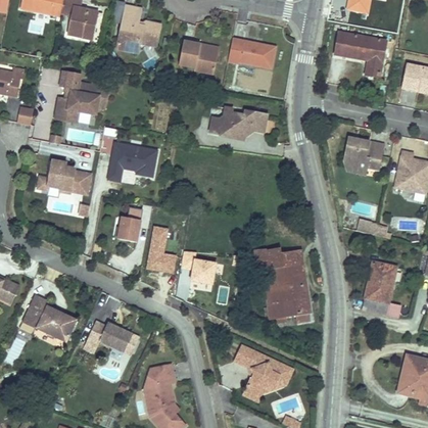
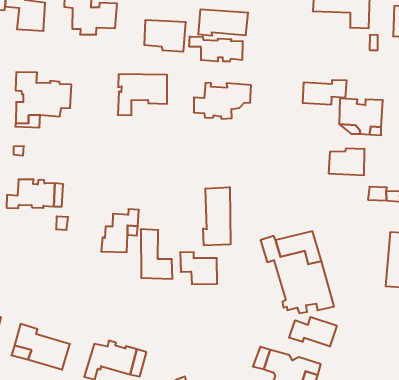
building: none -> [189,36,243,62]
building: none -> [303,80,347,105]
building: [109,144,158,182] -> [118,74,167,115]
building: none -> [329,148,364,175]
building: none -> [203,187,230,245]
building: none -> [289,317,337,347]

